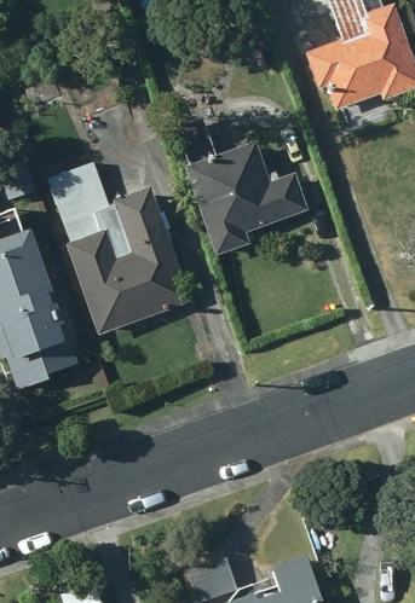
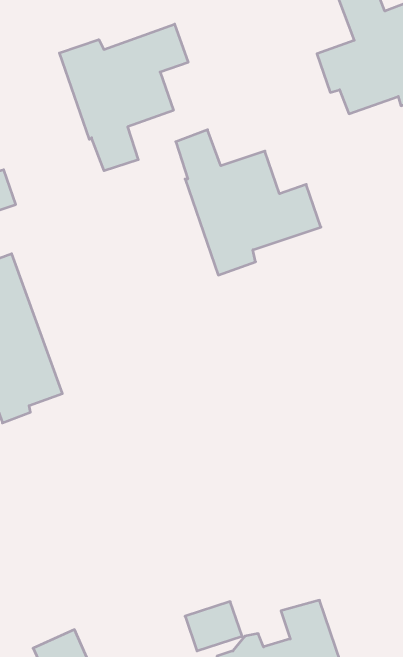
building: none -> [59,24,188,171]
building: [48,163,190,334] -> none

